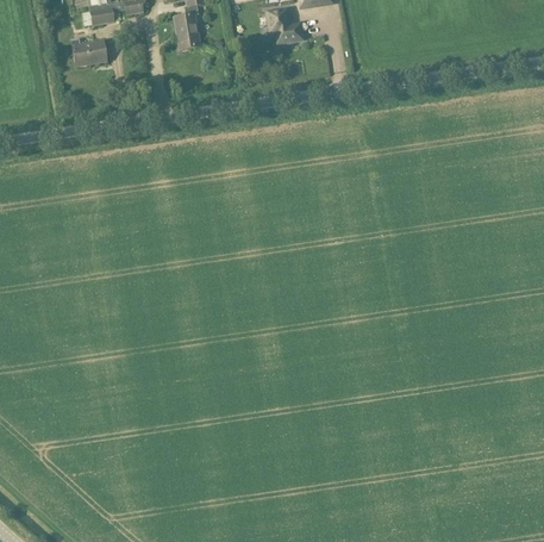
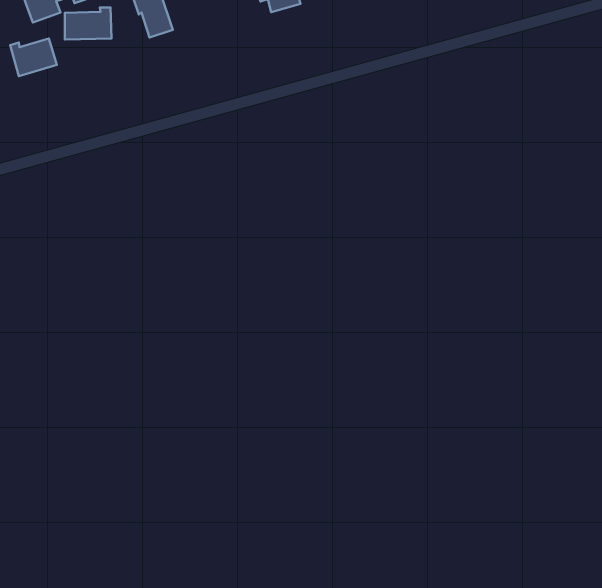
building: none -> [65,8,112,39]

